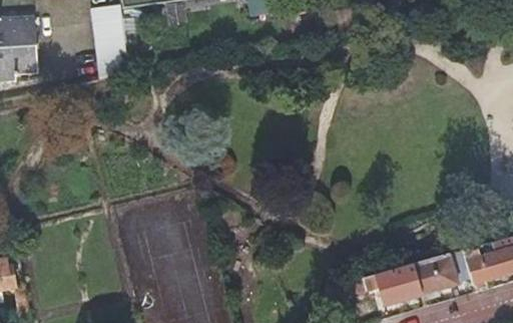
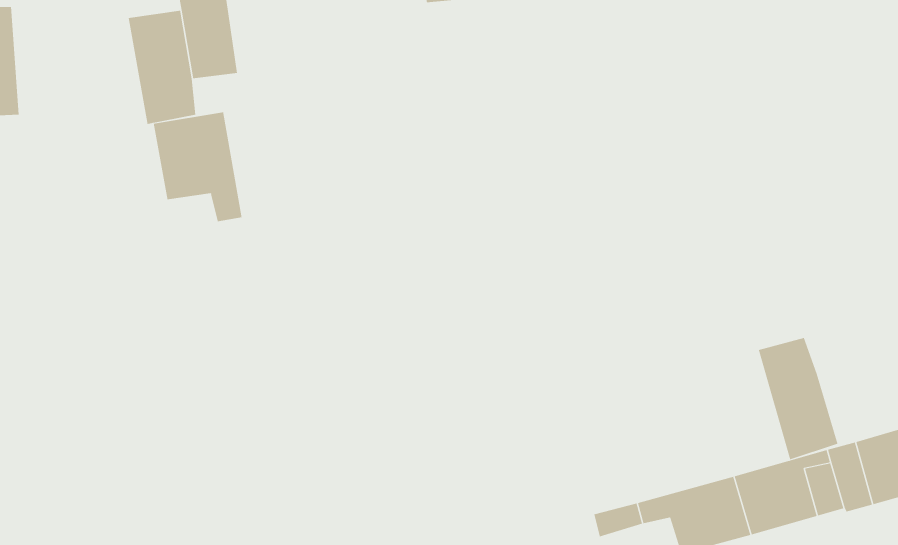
building: none -> [153,112,242,222]
building: none -> [758,337,838,460]

